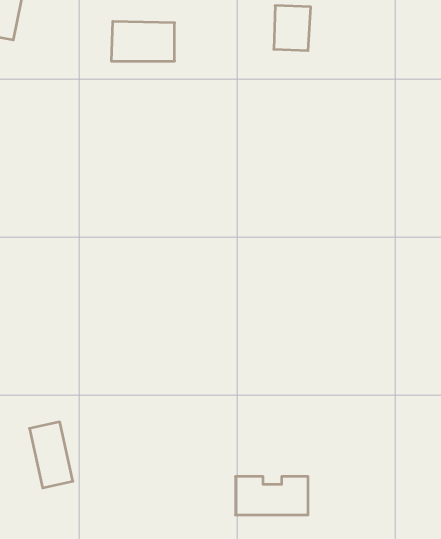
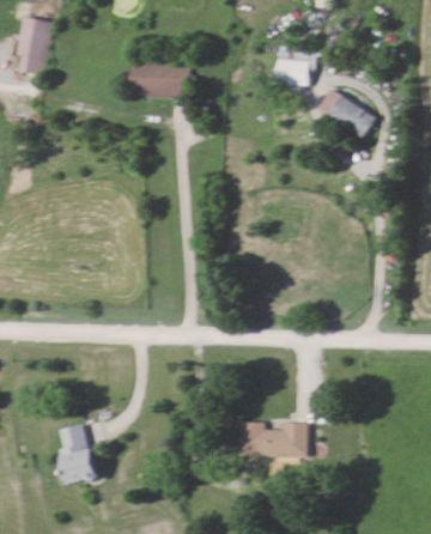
building: none -> [318,91,375,140]
building: [235,477,308,515] -> [241,423,306,457]

